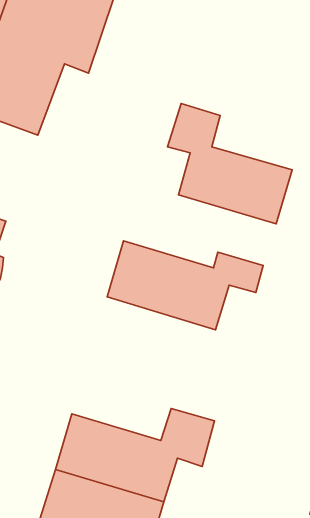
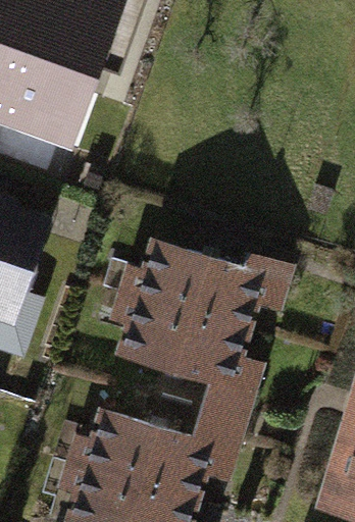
building: [167,103,292,224] -> none
building: none -> [118,298,254,420]

